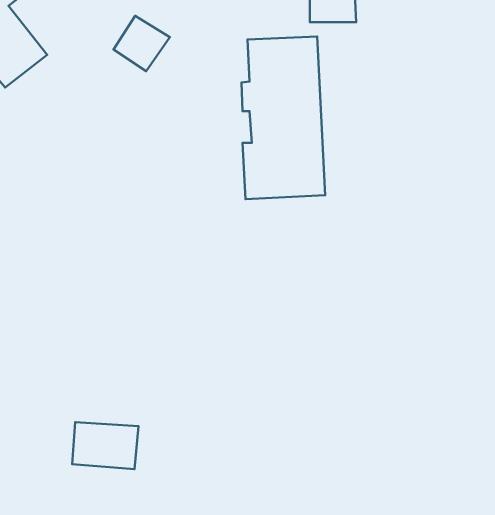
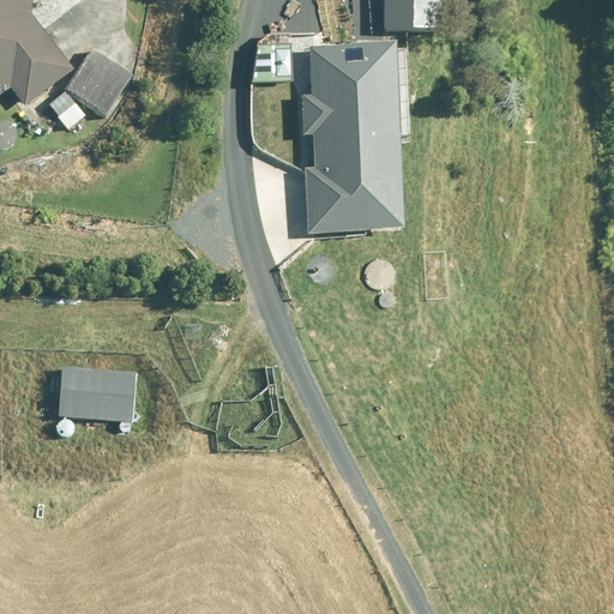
building: [114,16,170,71] -> [67,48,133,113]
building: [72,422,139,469] -> [60,366,138,421]

